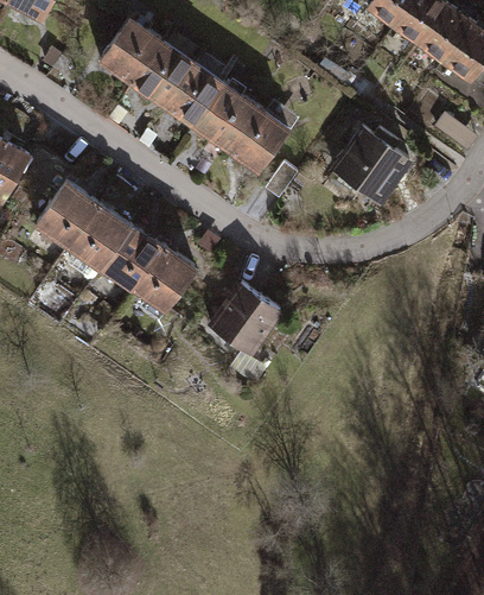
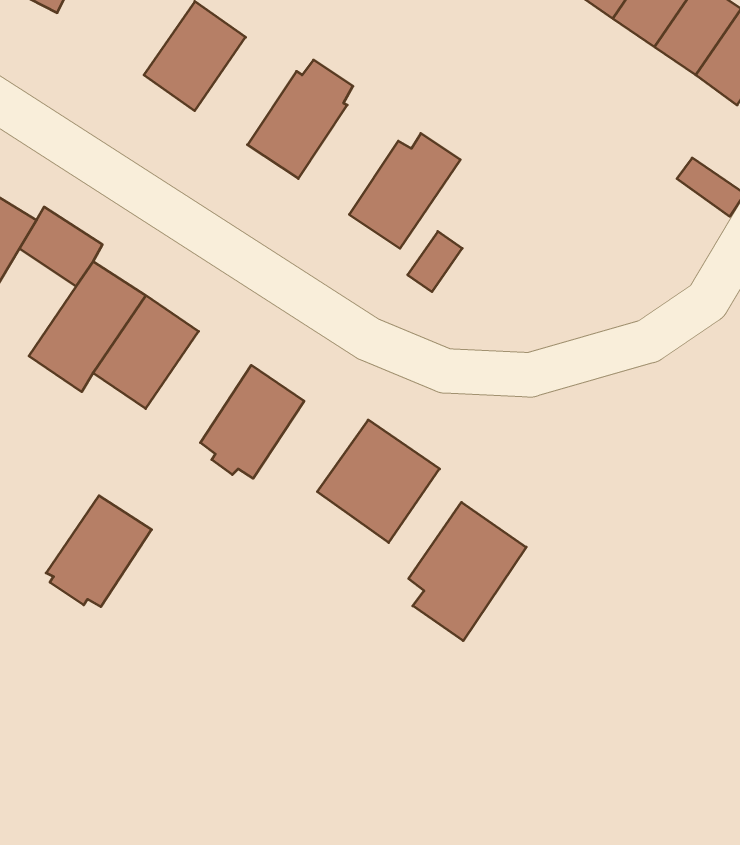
building: [129,31,198,107] -> none
building: [195,77,257,151] -> none
building: [332,125,412,202] -> none
building: [98,224,165,295] -> [46,496,152,607]
building: none -> [409,502,526,641]

